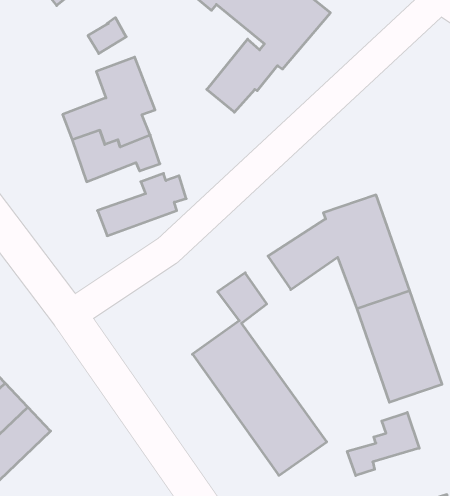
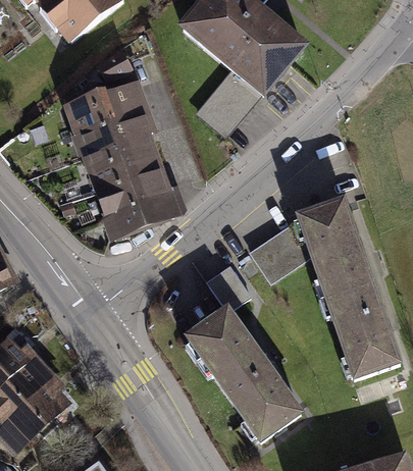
building: none -> [65,90,113,133]
building: none -> [97,173,162,214]
building: [347,412,419,476] -> none

